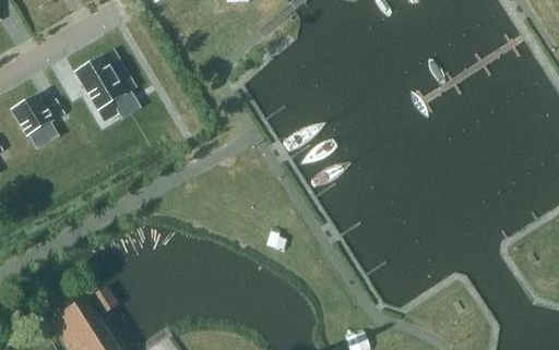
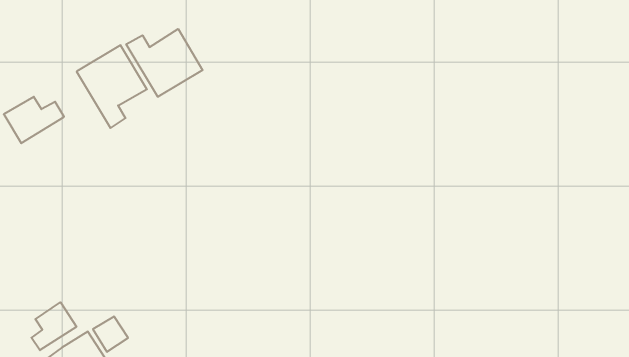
building: none -> [126,29,203,97]
building: none -> [31,302,76,350]

